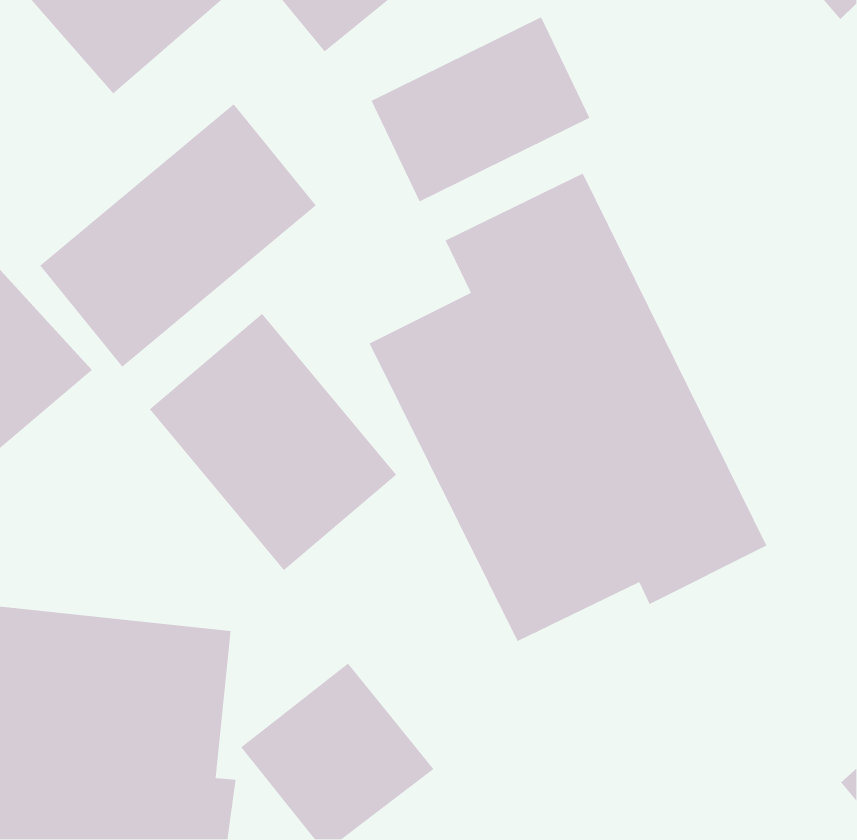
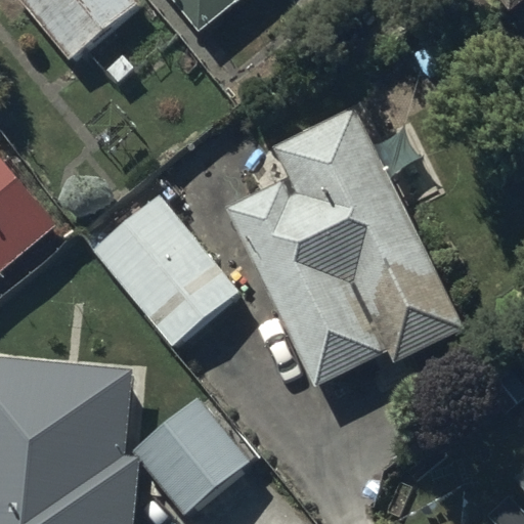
building: [370,16,590,202] -> none
building: [39,103,317,368] -> none

